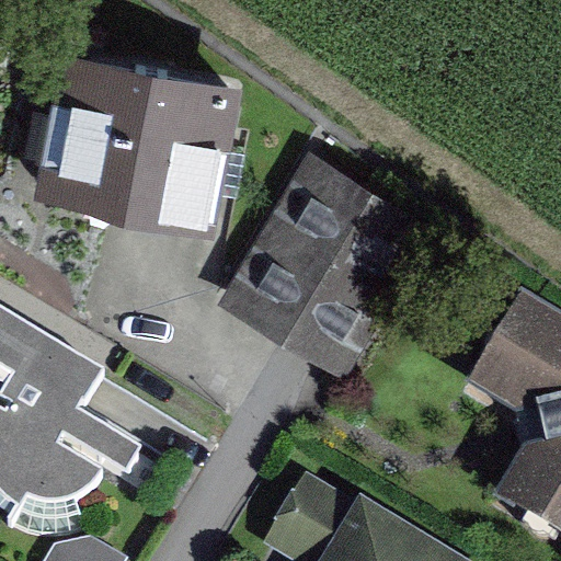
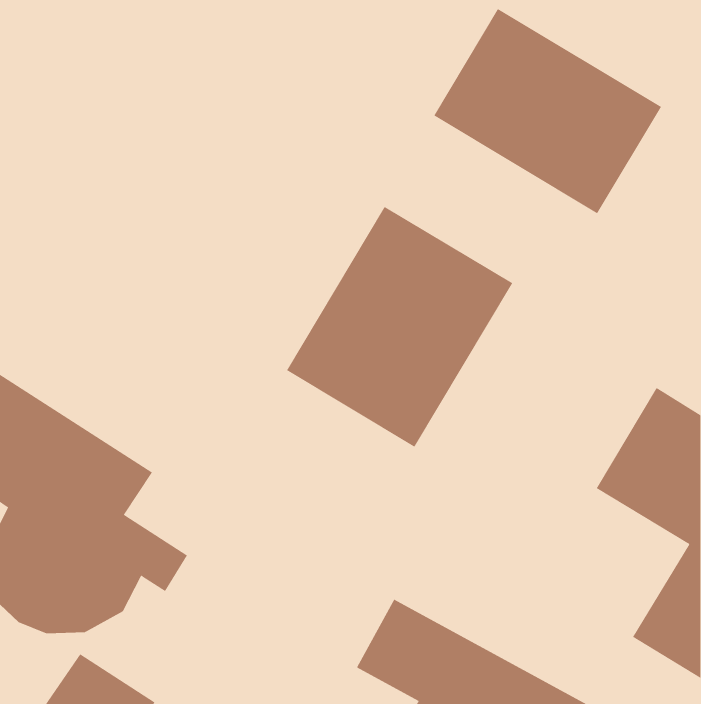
building: none -> [433,8,662,214]
building: [55,58,240,207] -> none

